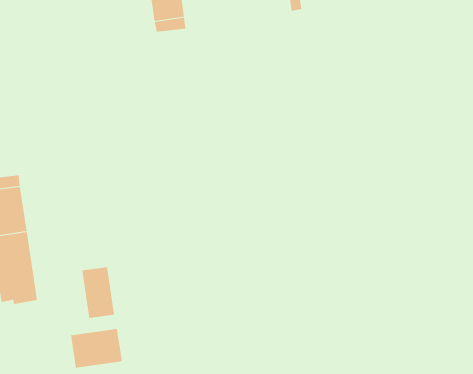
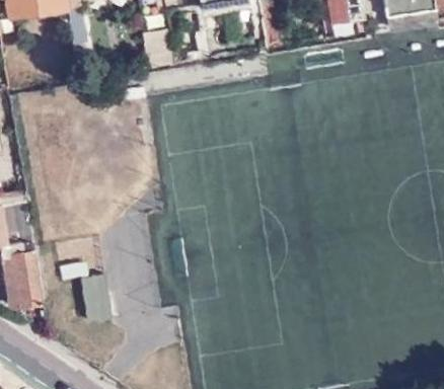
building: [70,328,122,368] -> none

